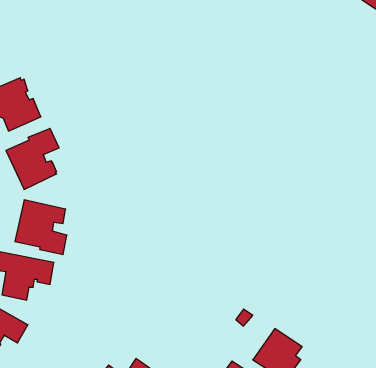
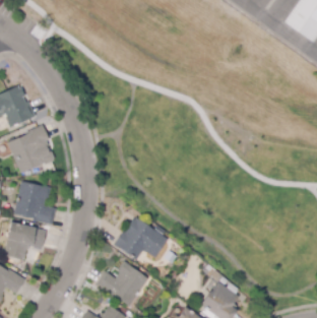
building: none -> [115,216,168,259]
building: none -> [97,262,147,306]

